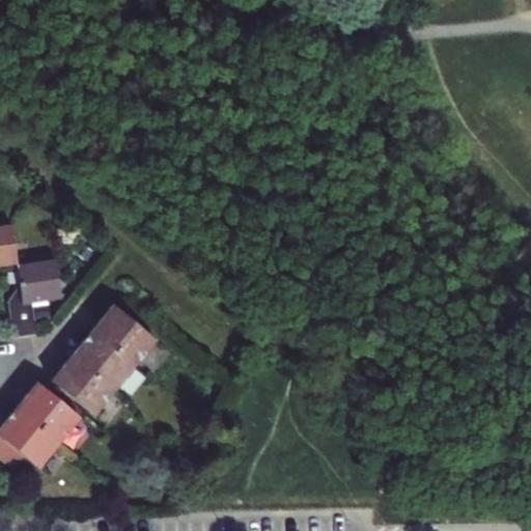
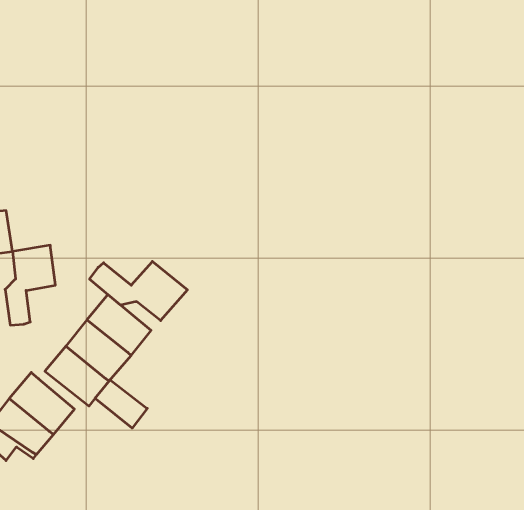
building: none -> [90,261,187,321]
building: none -> [95,380,147,428]

